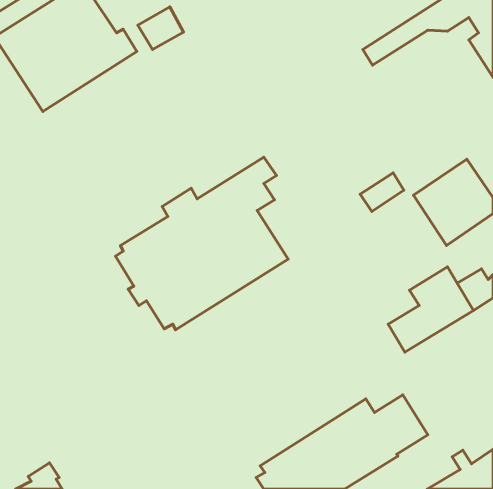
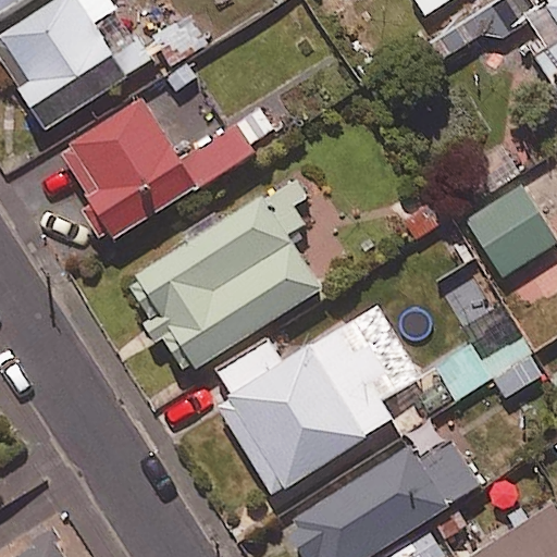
building: none -> [58,98,274,244]
building: none -> [212,329,395,492]

